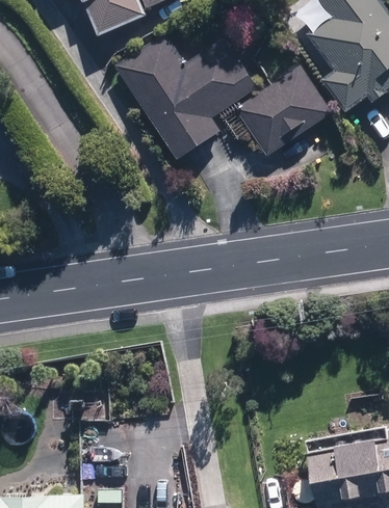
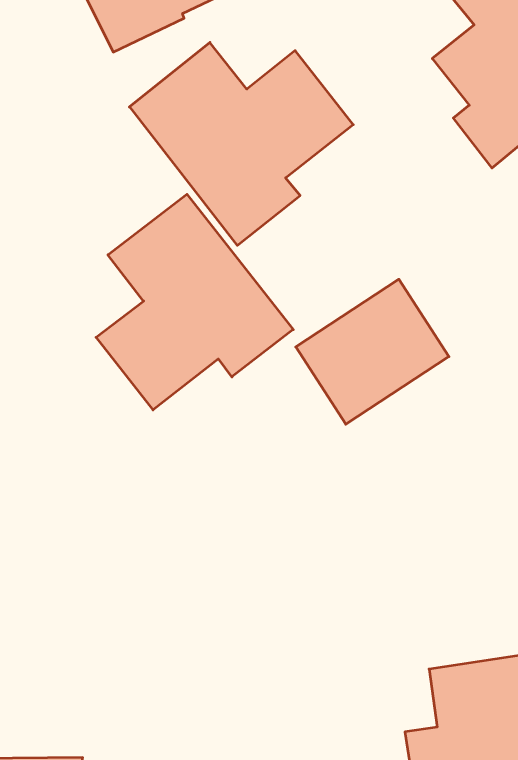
building: [234,63,333,157] -> [296,279,449,424]
building: none -> [96,194,293,410]

